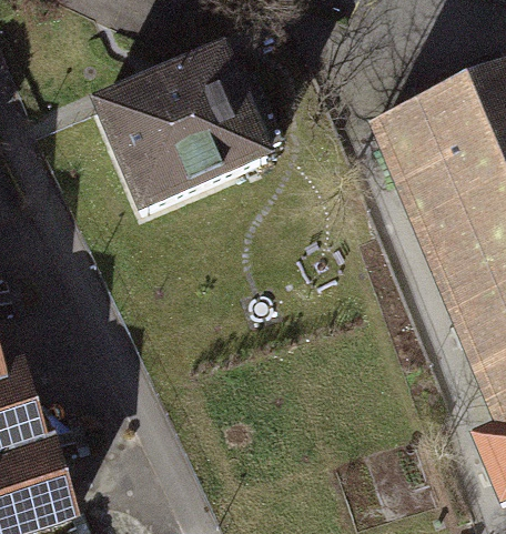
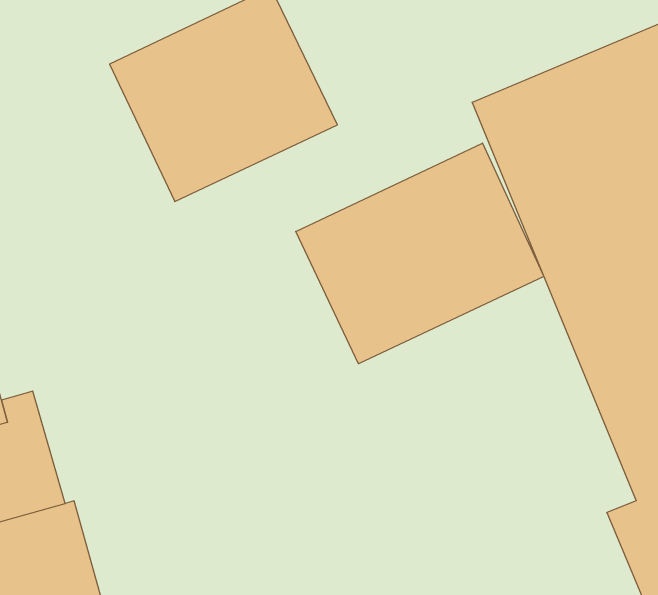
building: none -> [296,143,544,364]

